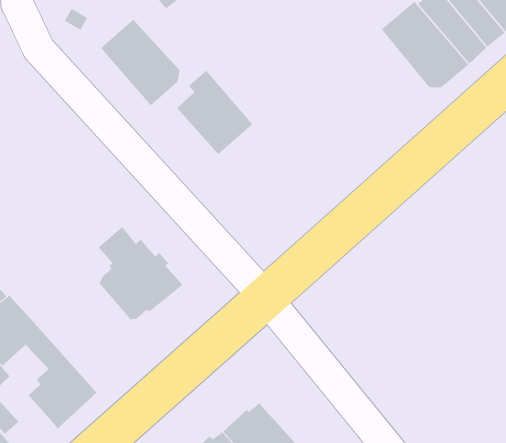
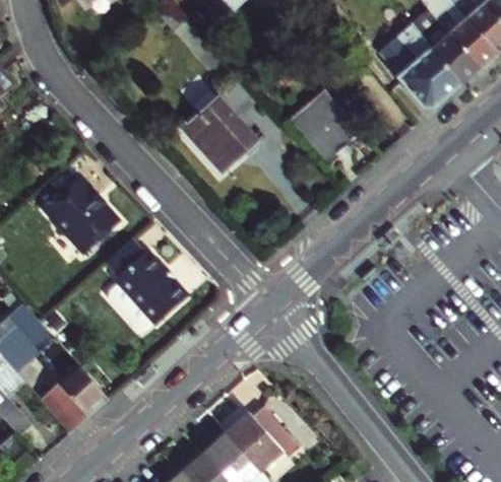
building: [100,19,180,106] -> none
building: none -> [292,93,366,168]
building: none -> [46,175,121,251]

